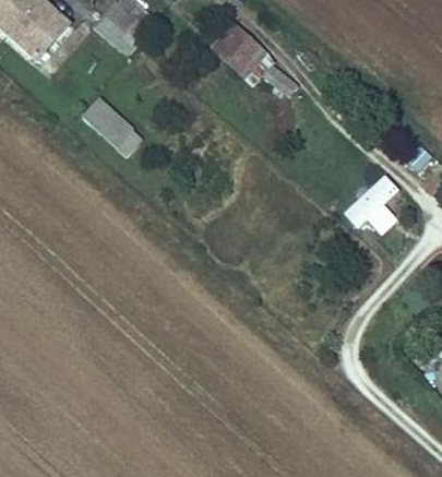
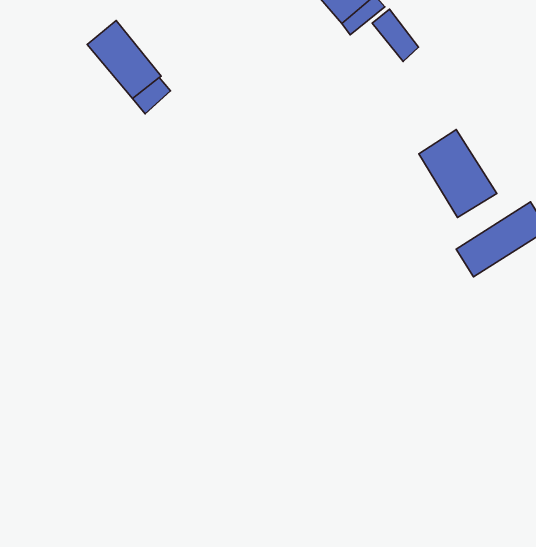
building: none -> [419,129,497,218]

